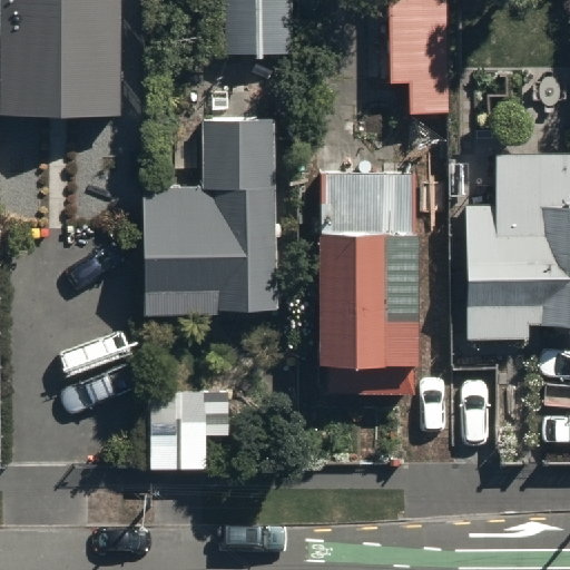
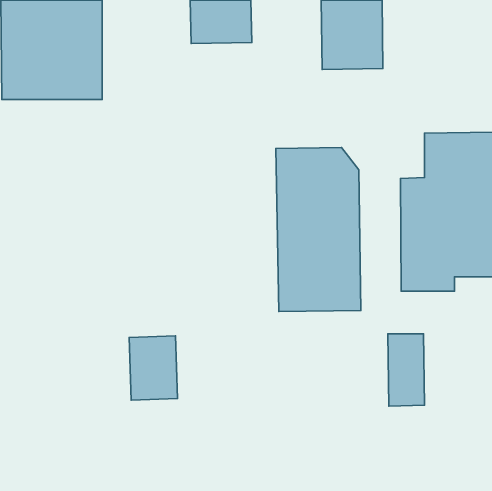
building: [145,121,275,304] -> none

